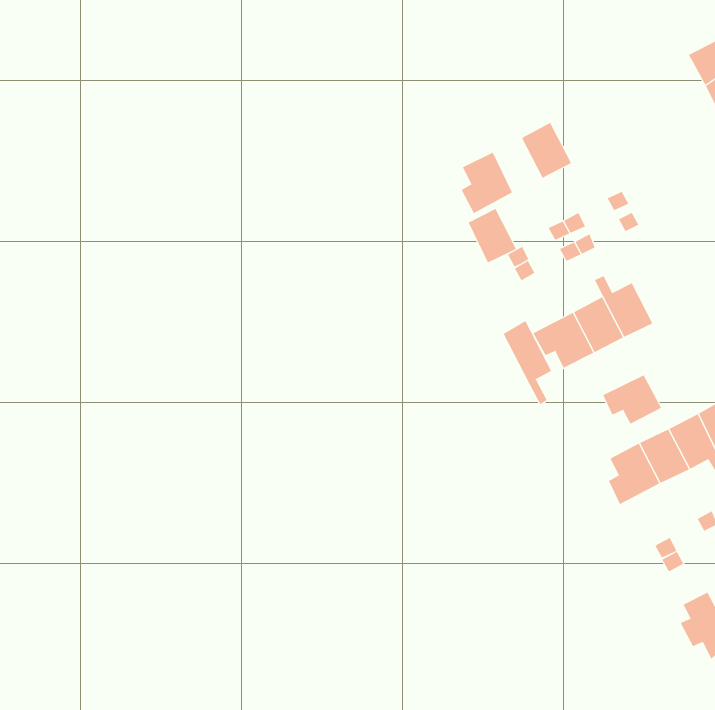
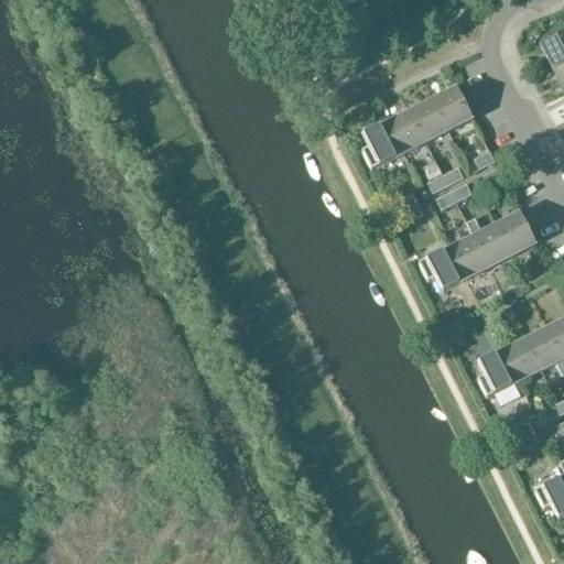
building: none -> [434,84,474,128]
building: [468,208,517,263] -> [389,108,427,151]
building: none -> [498,209,538,253]
building: [503,320,552,405] -> none
building: [602,375,662,425] -> none

